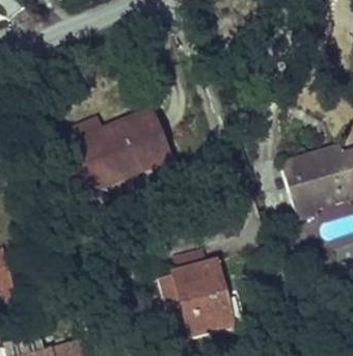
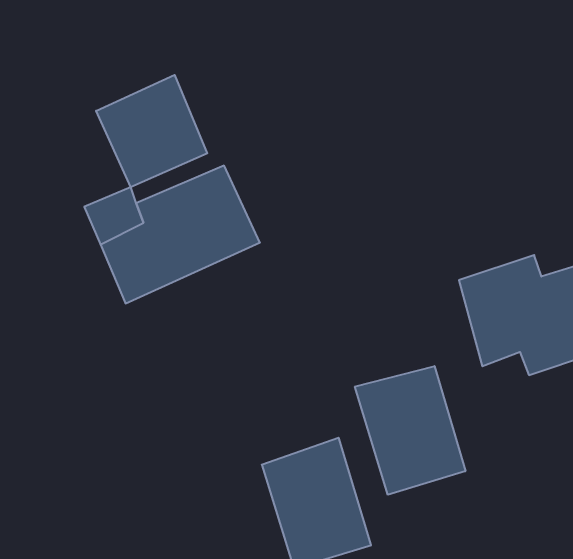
building: none -> [96,75,207,187]
building: none -> [355,366,465,495]

